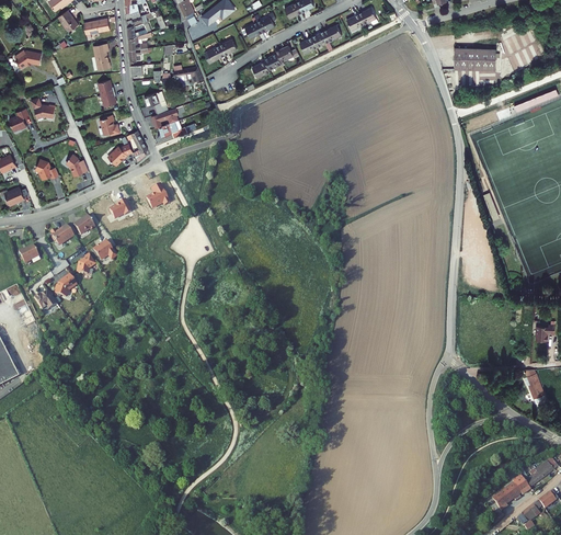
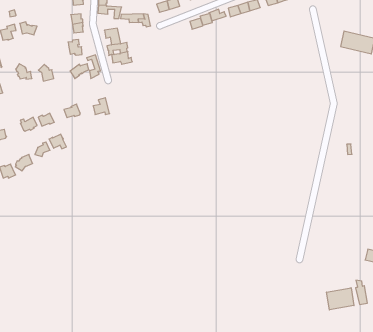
building: none -> [327,288,354,310]

